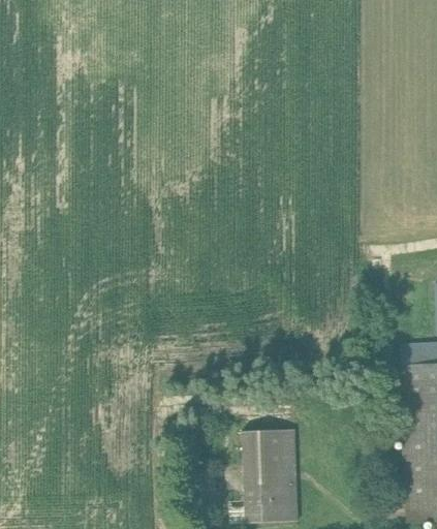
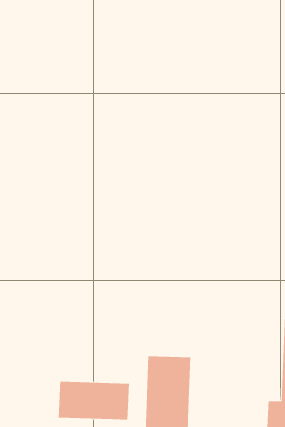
building: none -> [58,381,129,421]

